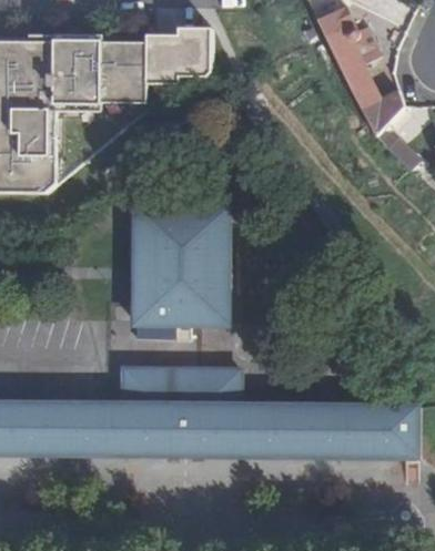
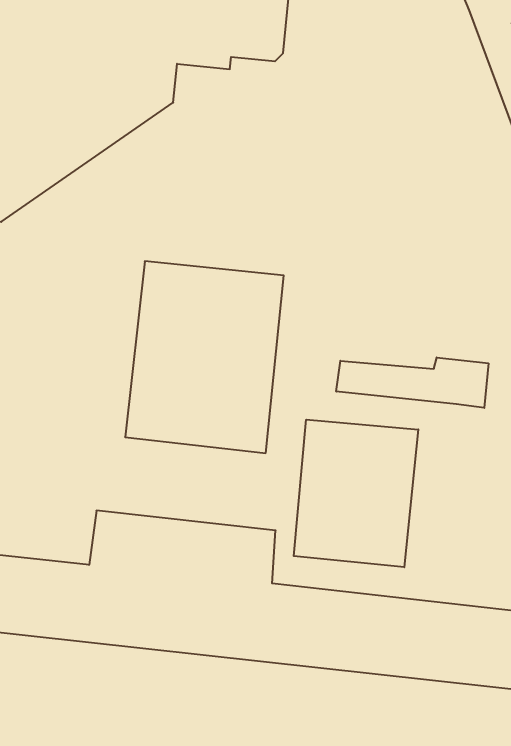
building: none -> [336,357,488,408]
building: none -> [294,420,418,567]

